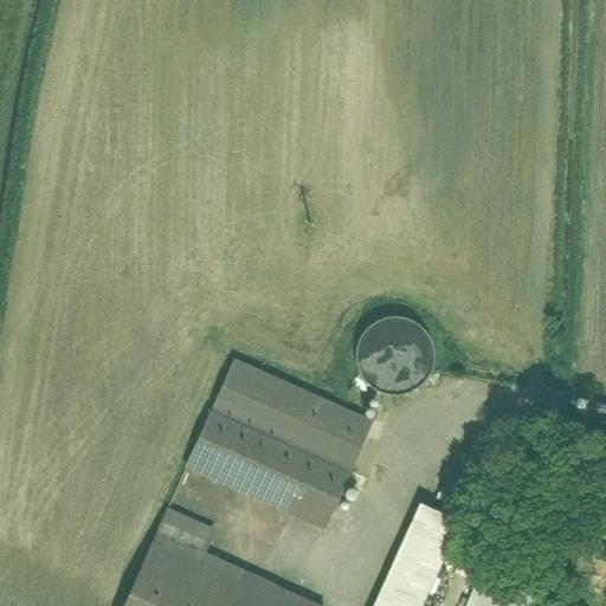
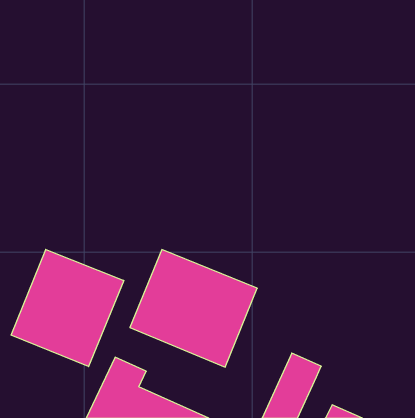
building: [348,317,439,404] -> none
building: none -> [11,249,124,367]

